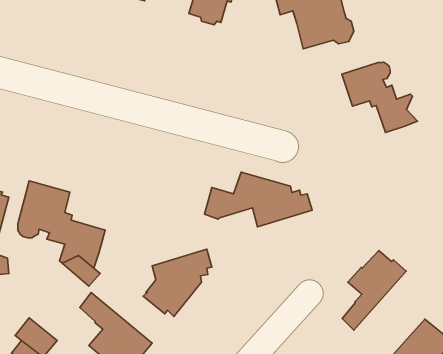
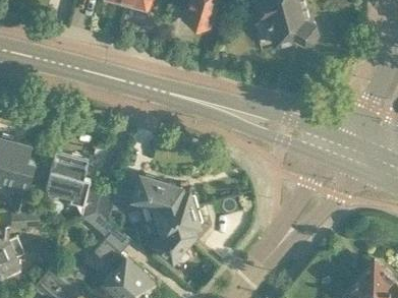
building: [342,62,418,132] -> none
building: [204,172,312,227] -> [111,177,197,221]
building: [342,250,406,330] -> none

